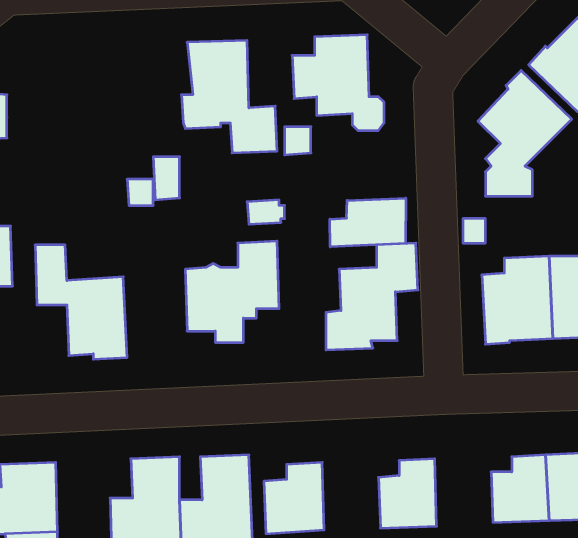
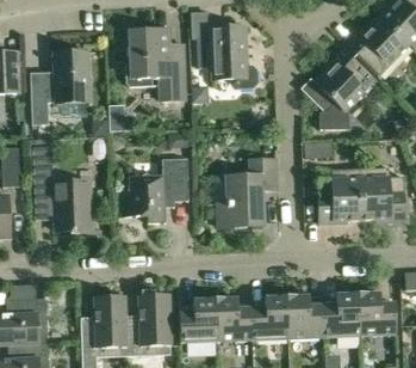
building: none -> [30,51,88,124]
building: [330,198,406,247] -> none
building: none -> [287,295,324,339]
building: none -> [216,299,253,342]

